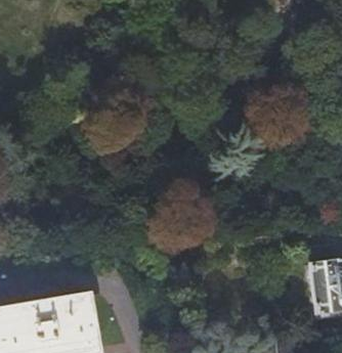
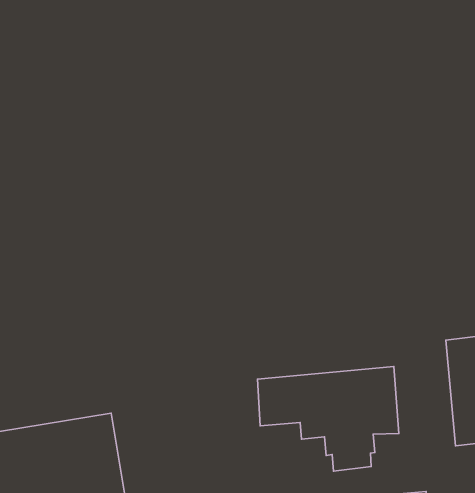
building: none -> [257,367,399,471]

